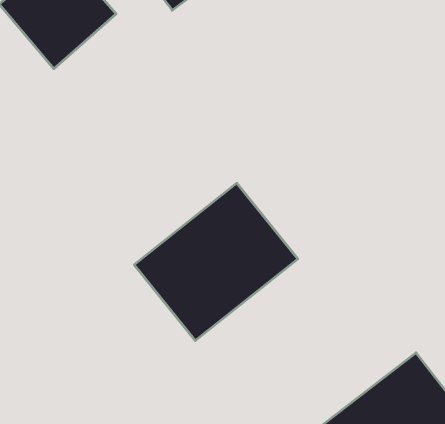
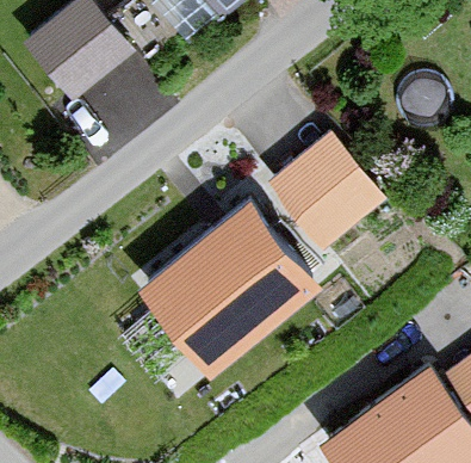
building: none -> [261,121,384,245]

